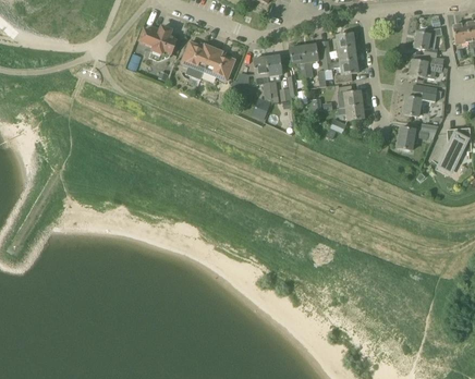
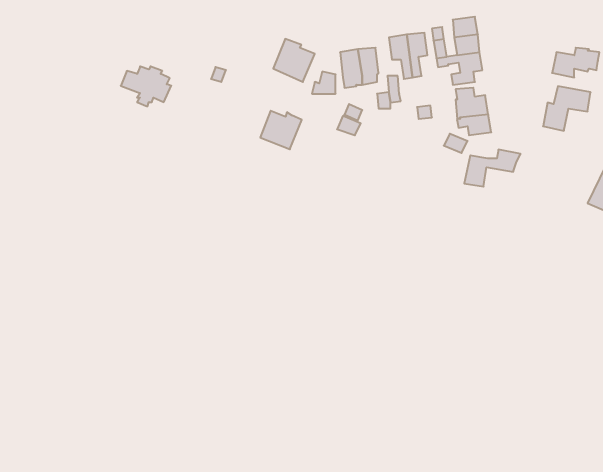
building: [141,26,178,56] -> [121,66,171,106]
building: [414,27,442,56] -> none
building: [183,41,214,70] -> [260,111,302,149]
building: [398,122,439,149] -> [464,150,521,187]

